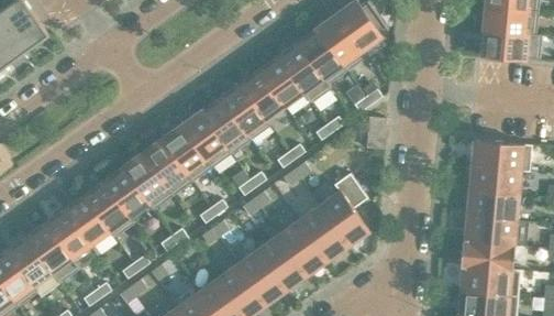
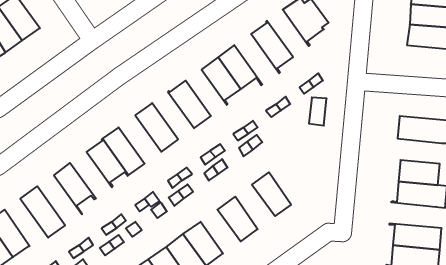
building: [314,13,364,69] -> none
building: [276,42,329,101] -> none
building: [219,84,267,139] -> none
building: [179,110,229,166] -> none
building: [140,138,190,195] -> none
building: [468,165,520,195] -> none
building: [317,173,369,248] -> none
building: [82,181,132,236] -> none
building: [44,208,97,268] -> none
building: [277,219,324,272] -> none
building: [5,236,57,292] -> none
building: [458,240,513,270] -> none
building: [236,249,284,301] -> none

